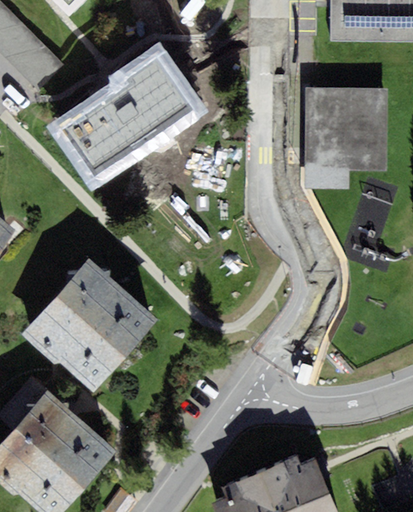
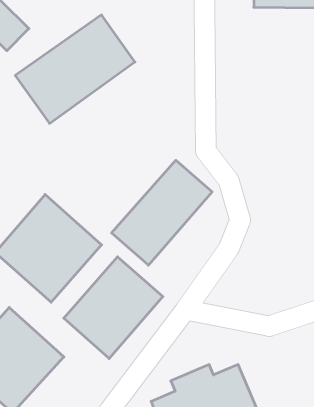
building: [308,89,387,174] -> none
building: none -> [112,160,212,265]
building: none -> [64,257,163,359]

